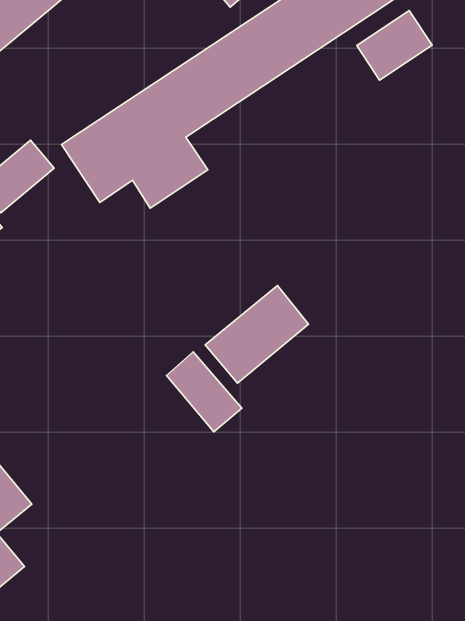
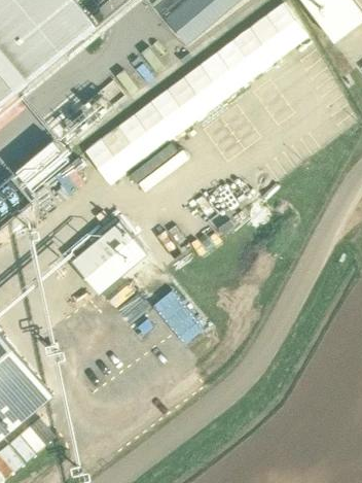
building: [357,11,432,80] -> none
building: [205,286,309,383] -> [71,225,143,292]

